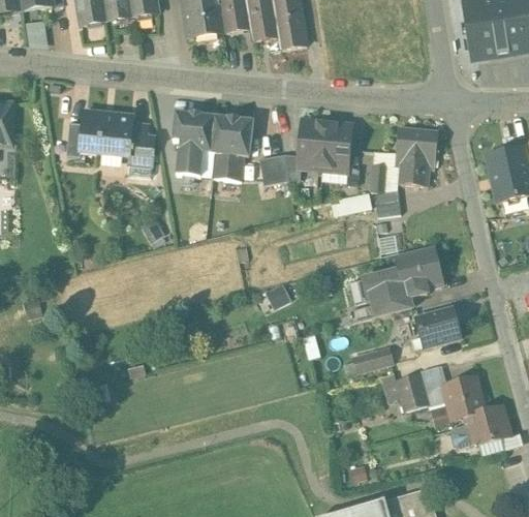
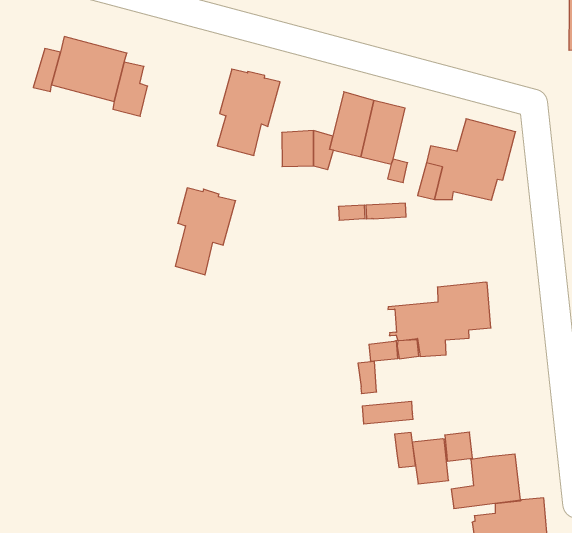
building: [174,111,215,176] -> [175,188,236,275]
building: [375,189,401,215] -> none
building: [416,307,460,346] -> none

